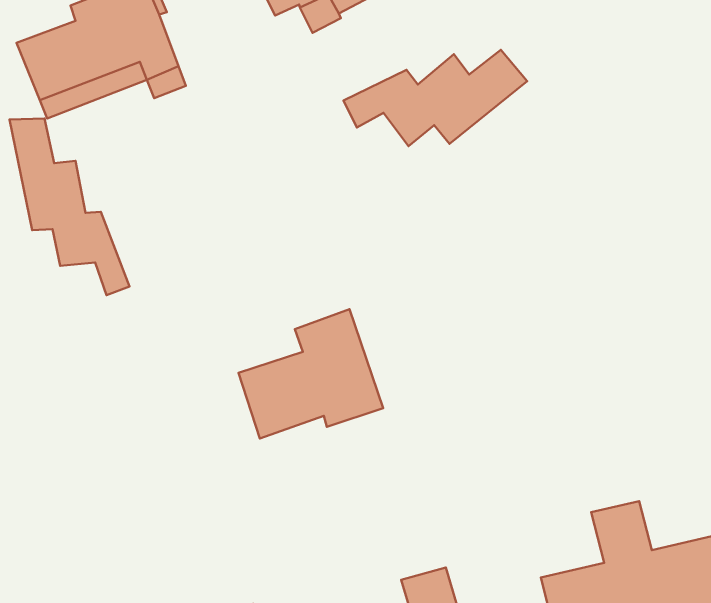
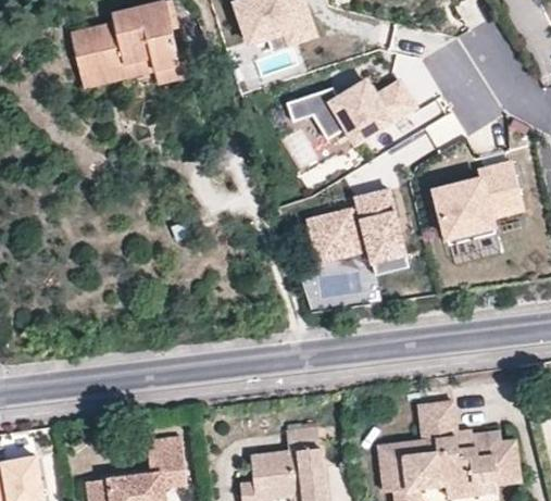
building: [10,118,130,295] -> none
building: none -> [435,160,524,243]
building: [239,309,383,439] -> [305,188,401,268]

